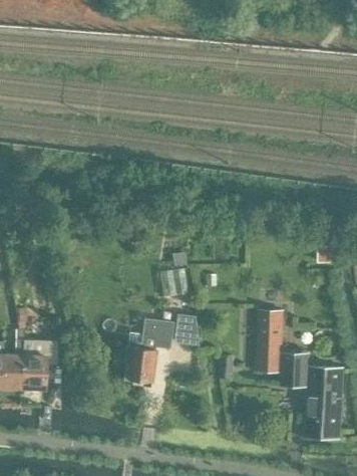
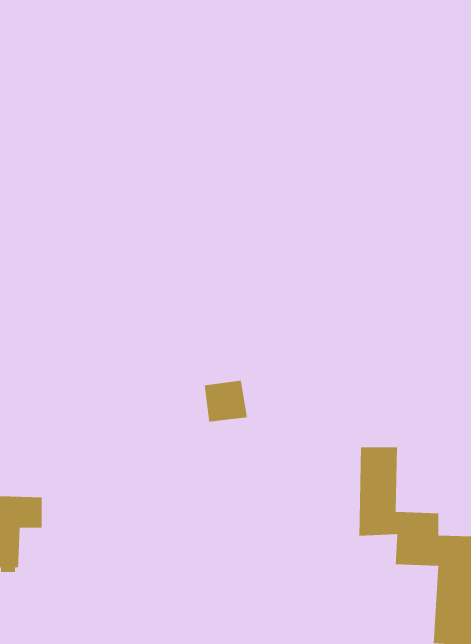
building: [175,314,199,344] -> none
building: [122,318,173,387] -> none

